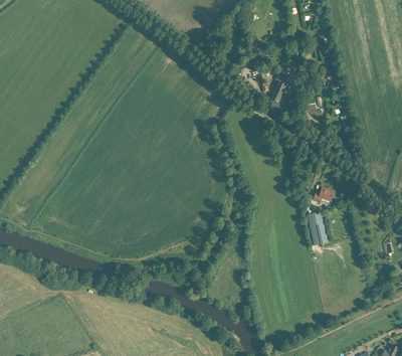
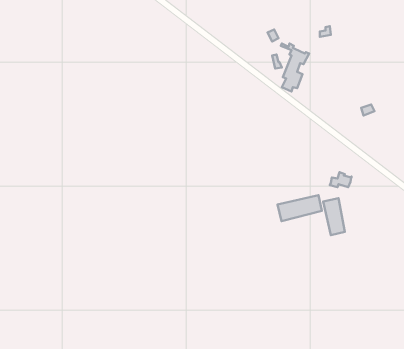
building: none -> [278,195,322,221]

